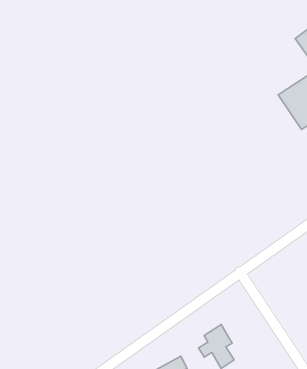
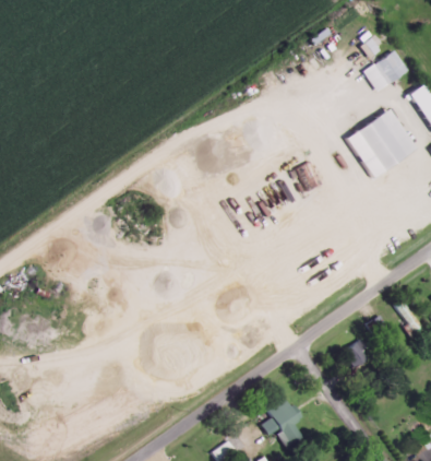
building: none -> [344,340,373,369]

